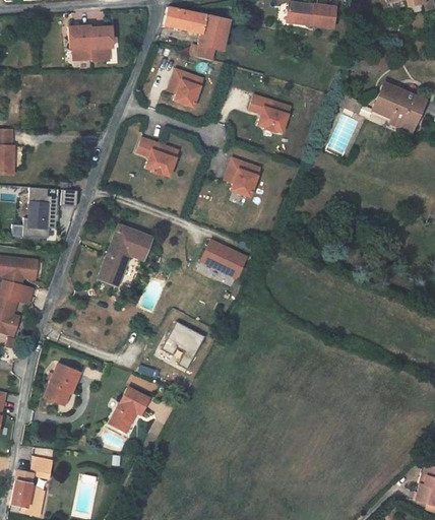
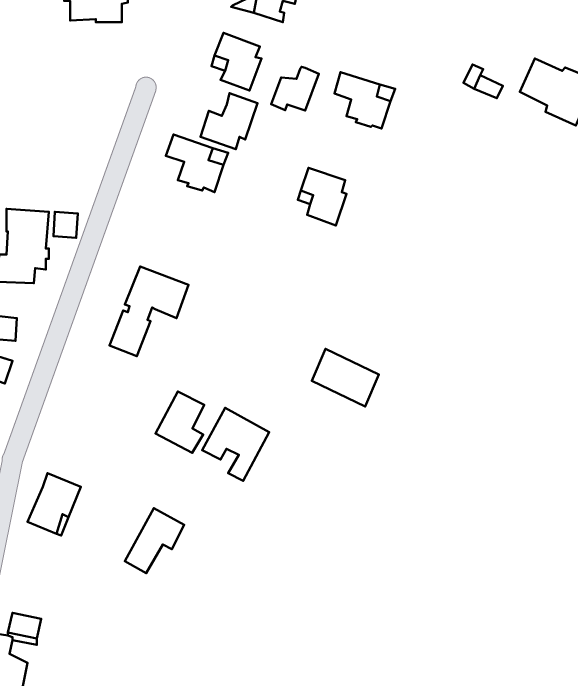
building: none -> [271,67,319,111]
building: none -> [200,93,257,149]
building: [200,239,245,277] -> [312,349,379,406]
building: none -> [155,391,204,453]

